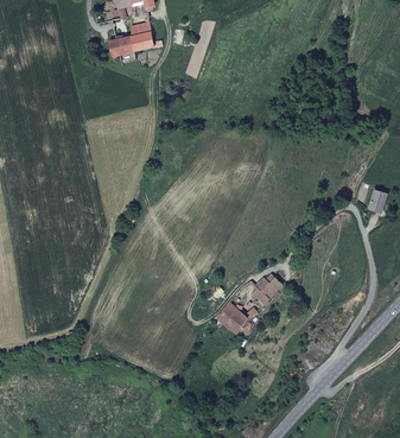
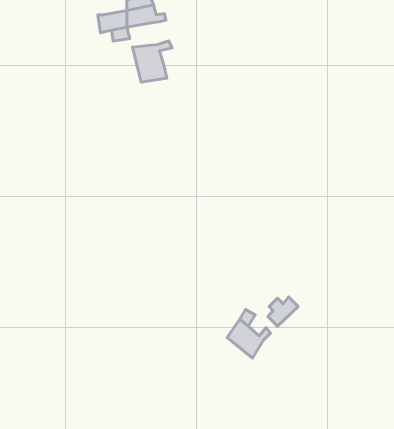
building: none -> [132,41,172,82]

